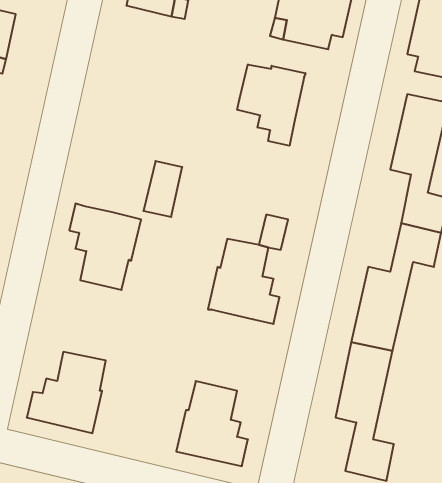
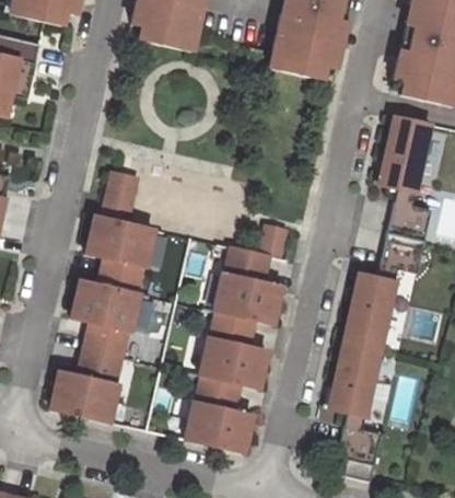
building: [237,64,305,146] -> none
building: [143,161,182,217] -> [103,173,138,223]
building: none -> [75,280,140,357]
building: none -> [200,311,265,389]

